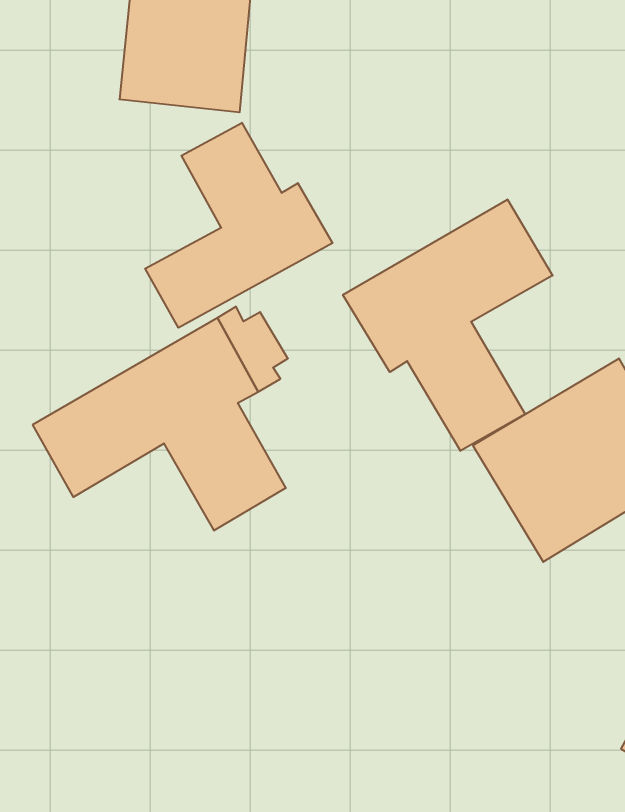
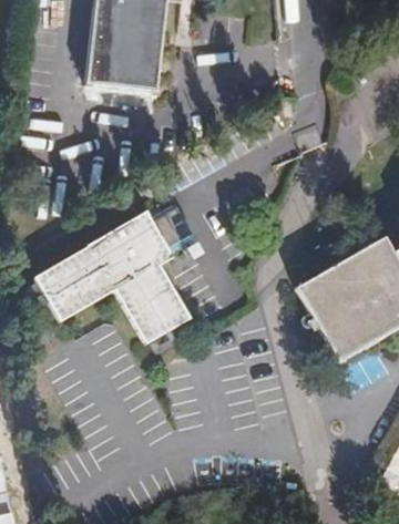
building: [145,123,333,328] -> none
building: [343,199,553,451] -> none

